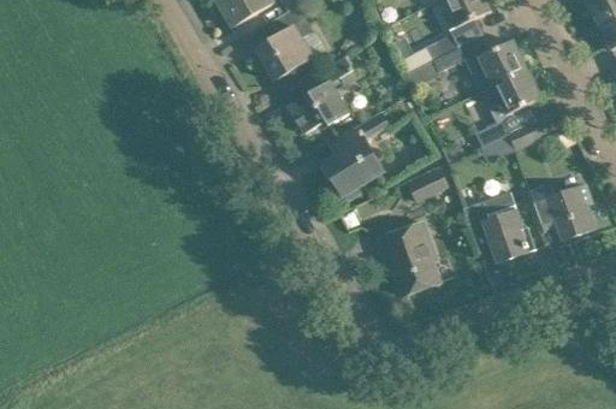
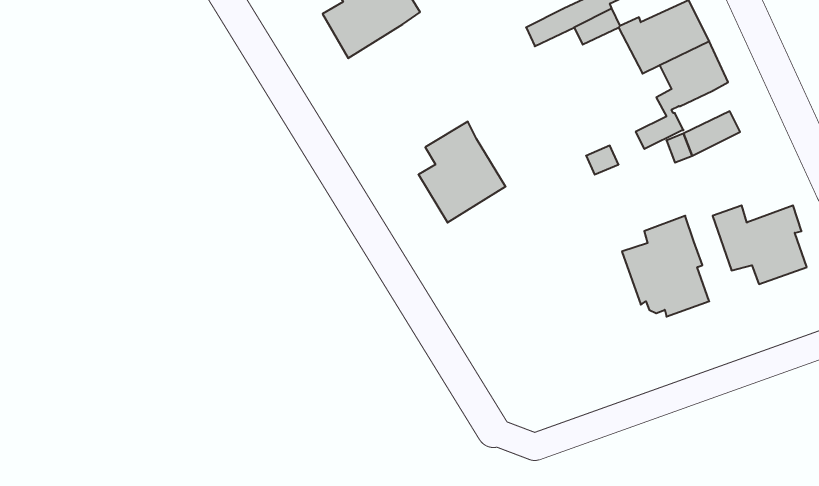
building: [289,55,356,134] -> none
building: [408,167,449,201] -> none
building: [378,221,440,296] -> none

